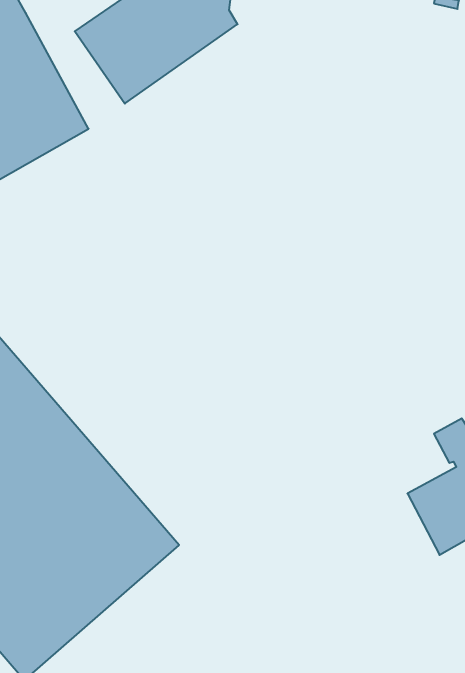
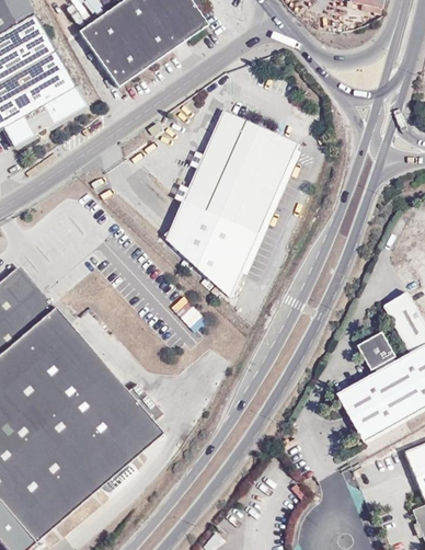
building: none -> [166,110,297,296]

